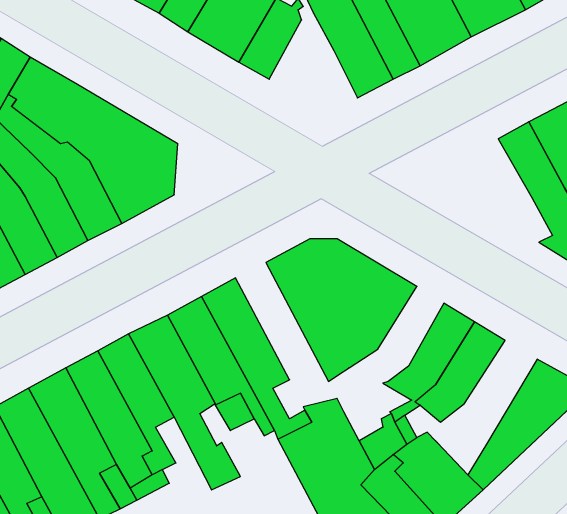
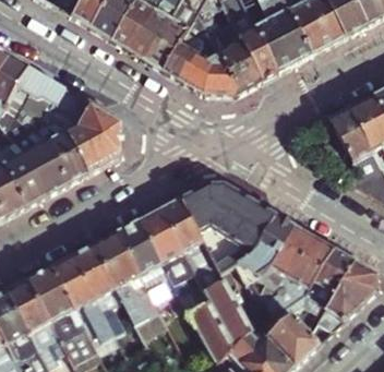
building: none -> [183,37,240,94]
building: none -> [161,197,227,290]
building: none -> [235,213,296,274]
building: none -> [285,248,356,314]

